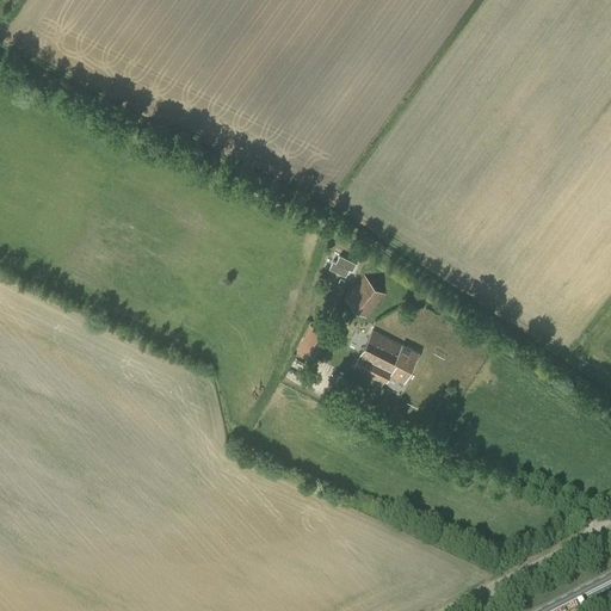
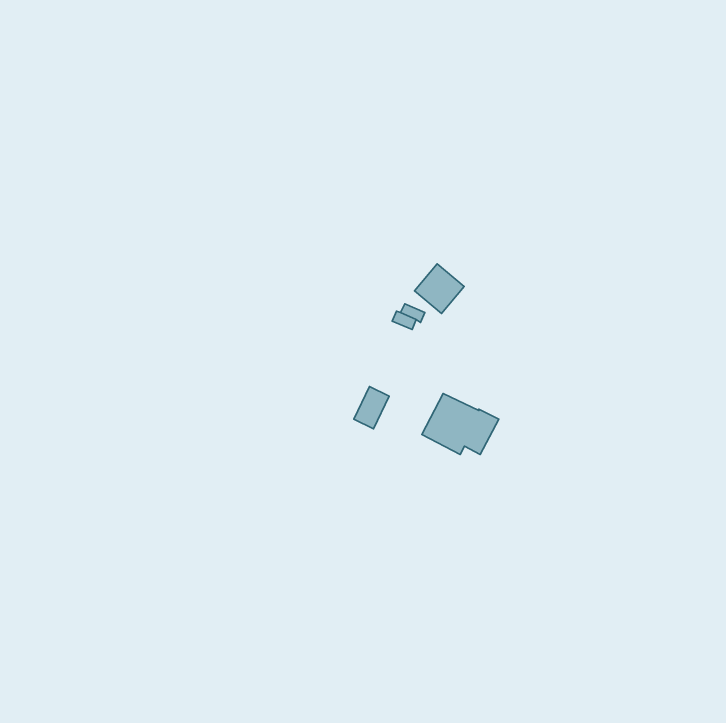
building: [345,277,387,319] -> [415,264,464,314]

